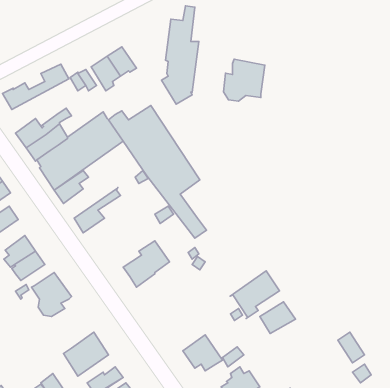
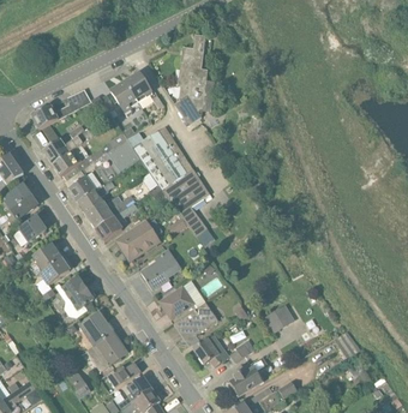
building: [224,59,265,101] -> none
building: none -> [86,194,136,228]
building: none -> [118,220,161,261]
building: [230,271,279,319] -> [174,301,218,345]
building: none -> [158,285,196,317]
building: none -> [79,311,114,346]

